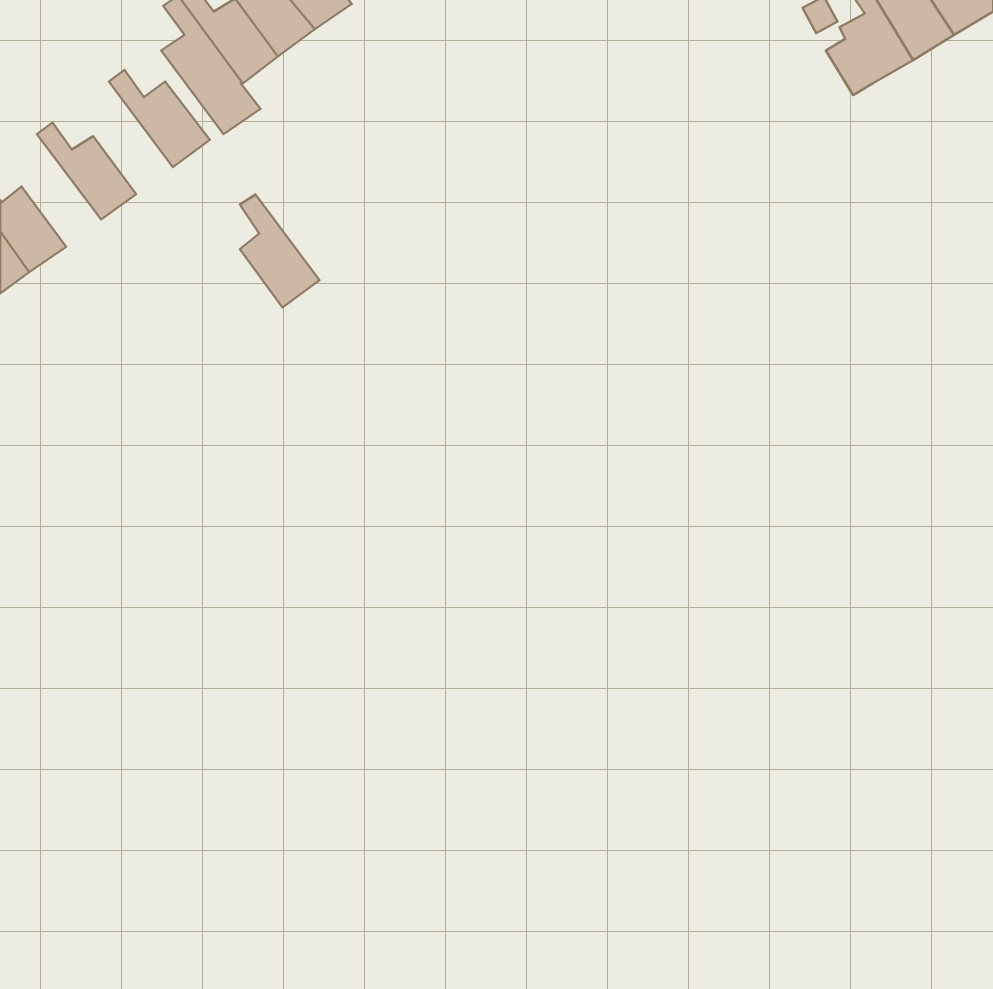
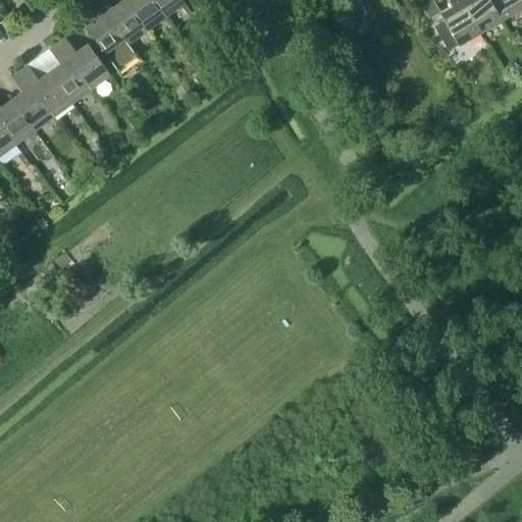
building: none -> [11,70,53,129]
building: [240,195,320,307] -> [49,43,91,102]

